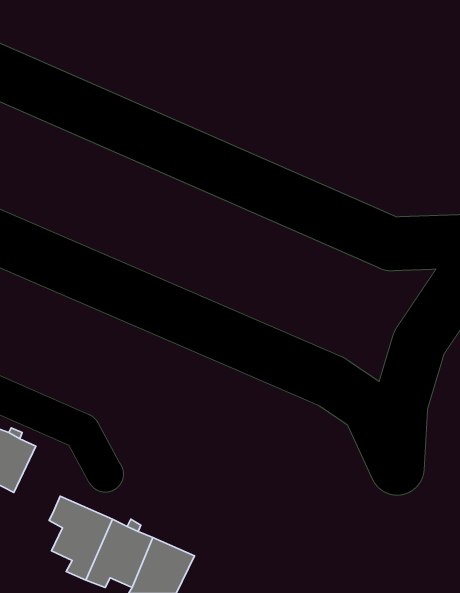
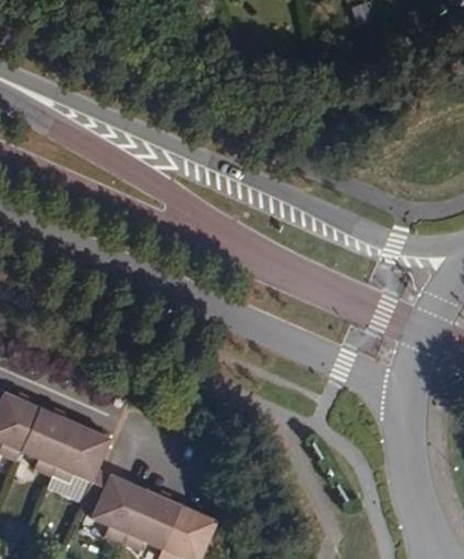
building: none -> [50,424,111,484]

